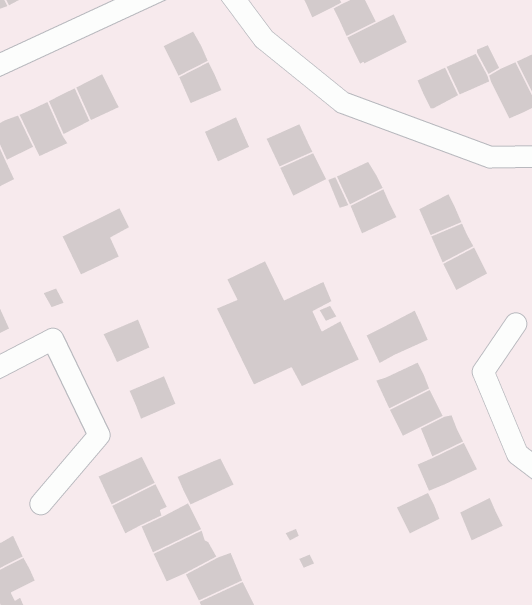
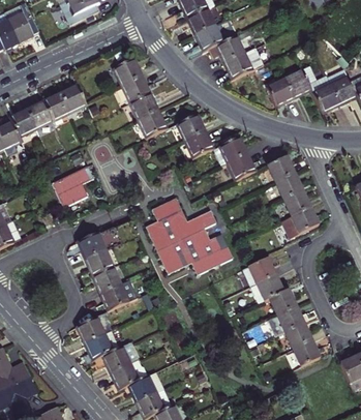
building: none -> [130,94,158,119]
building: [366,309,429,364] -> [280,205,319,238]
building: none -> [86,249,115,275]
building: [176,458,235,506] -> [100,281,136,310]
building: [396,492,440,535] -> [284,323,311,349]

